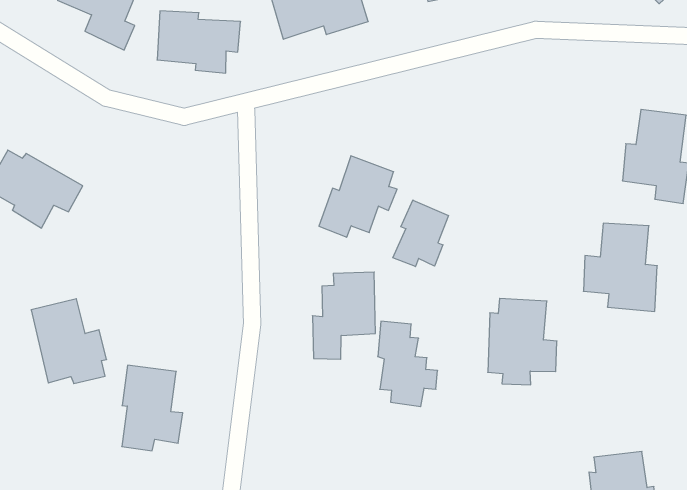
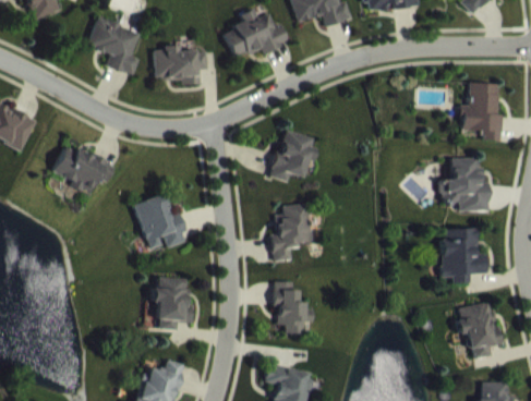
building: [393,200,449,267] -> none
building: [488,298,557,385] -> [439,227,485,282]
building: [31,299,107,384] -> [133,193,184,248]
building: [378,321,438,407] -> [273,280,312,332]

